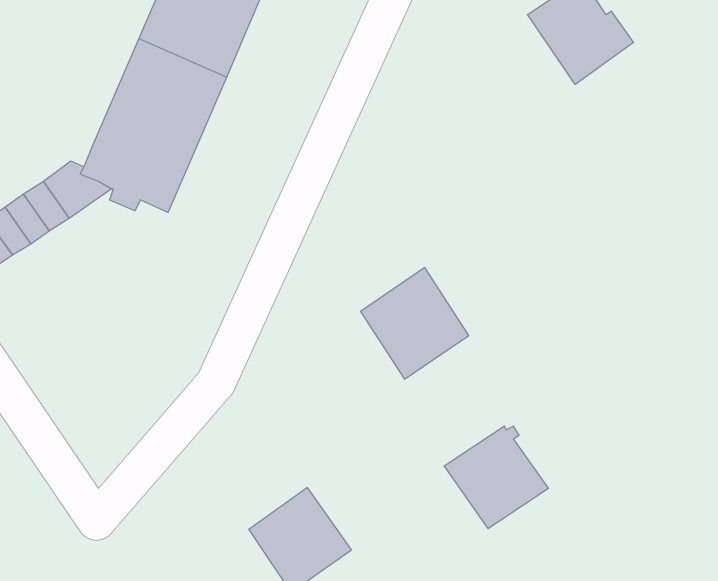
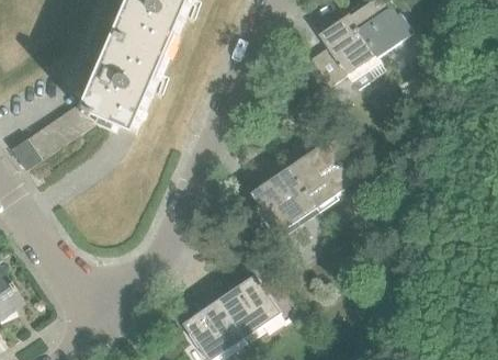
building: none -> [309,13,378,89]
building: none -> [287,142,352,207]
building: [444,426,548,529] -> [217,274,280,336]

